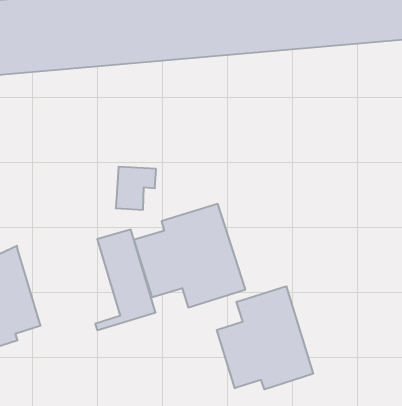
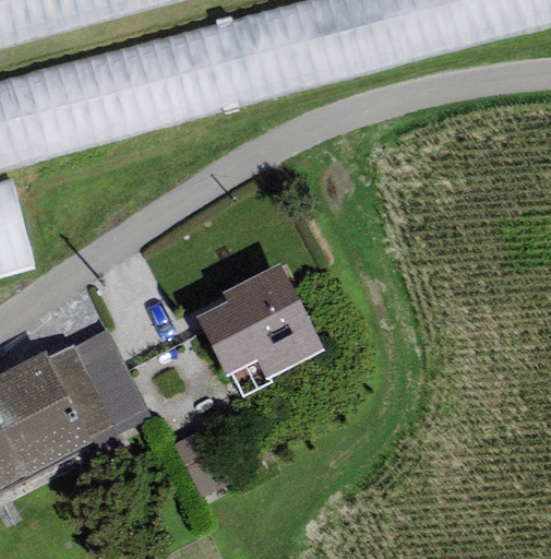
building: [95,229,156,330] -> [73,328,148,441]
building: [217,286,313,389] -> none

